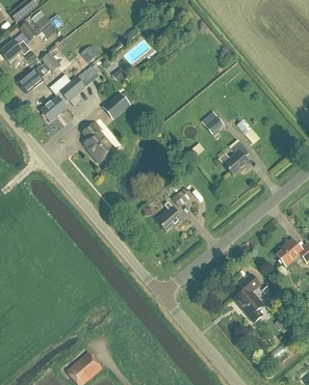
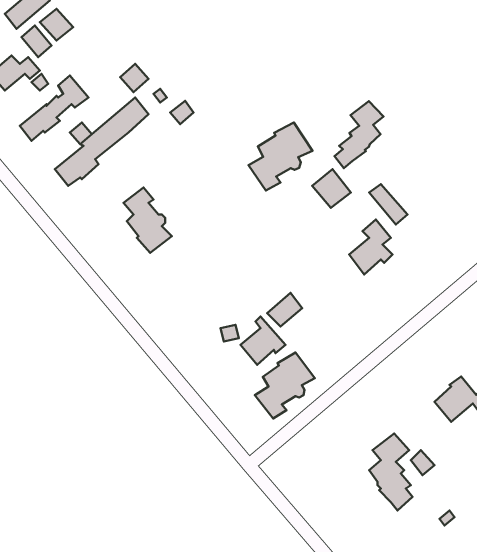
building: none -> [334,101,383,168]
building: none -> [248,123,312,191]
building: [100,92,129,120] -> none
building: none -> [255,352,315,419]

